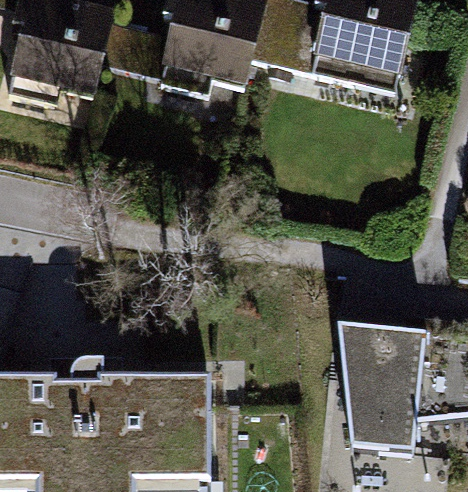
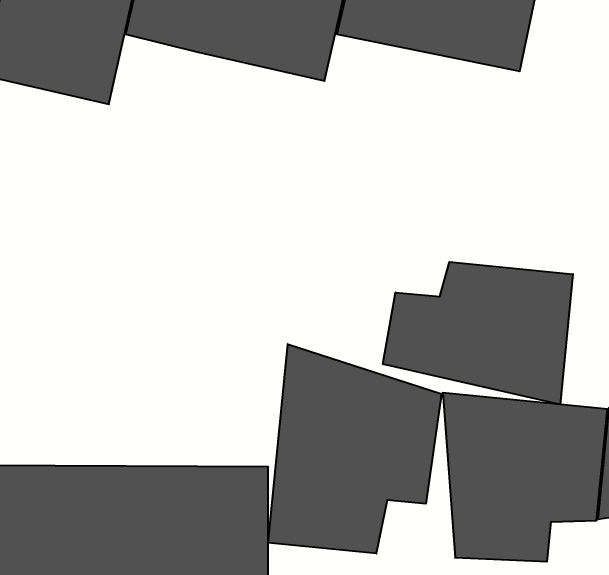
building: none -> [383,262,573,404]
building: none -> [268,344,442,554]

